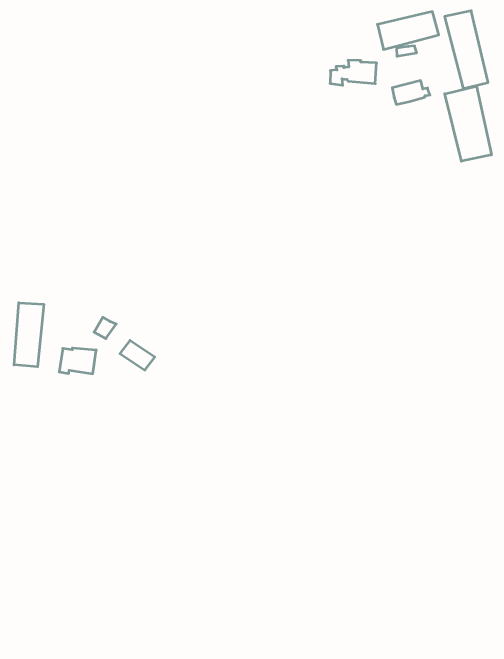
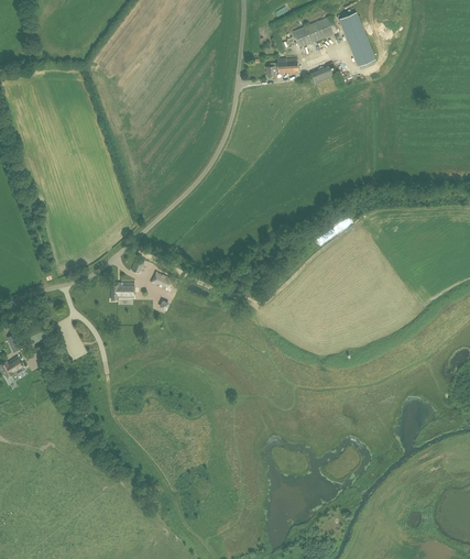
building: [445,86,491,161] -> none
building: [14,303,44,367] -> none

